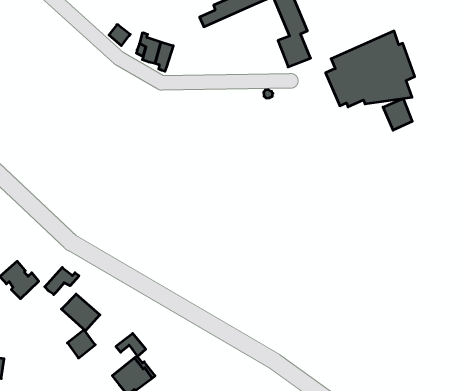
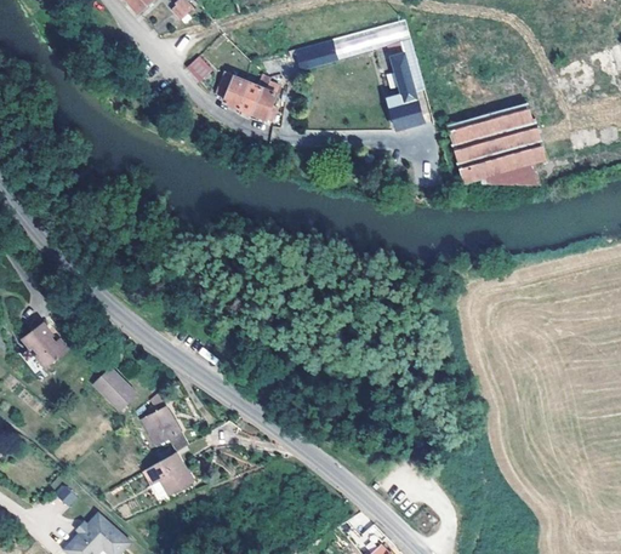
building: none -> [251,75,280,121]
building: [383,99,412,130] -> none
building: [45,267,79,295] -> none
building: [67,330,95,358] -> [141,405,173,438]

